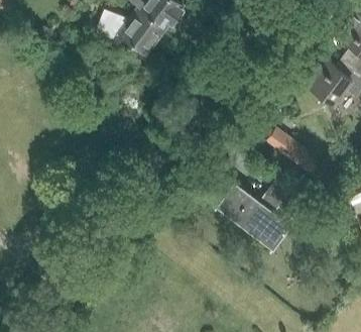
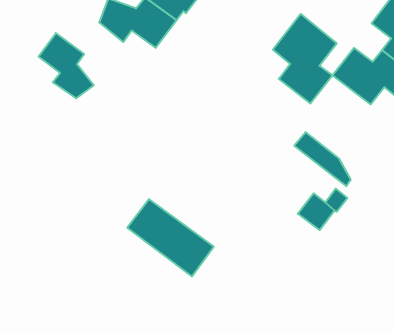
building: none -> [273,14,337,104]
building: none -> [39,33,94,98]
building: [215,184,290,251] -> [127,199,214,276]

